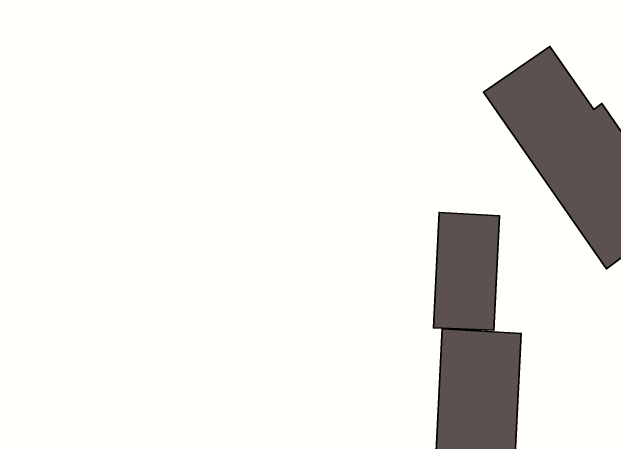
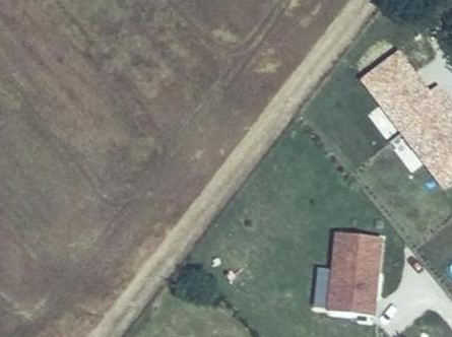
building: [434,212,499,330] -> none

